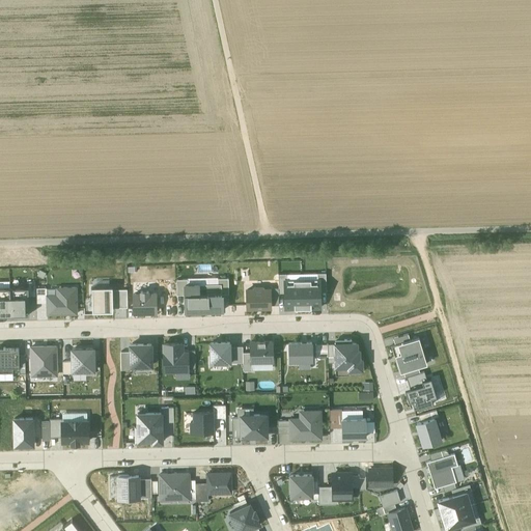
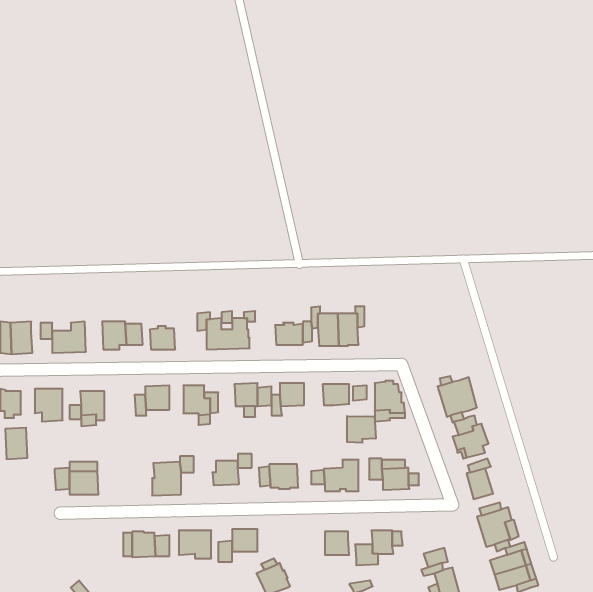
building: none -> [347,416,376,443]
building: [13,419,33,447] -> [5,428,27,459]
building: [368,470,392,486] -> none

